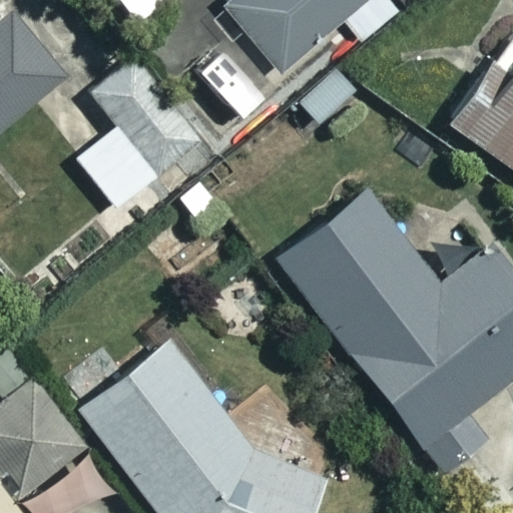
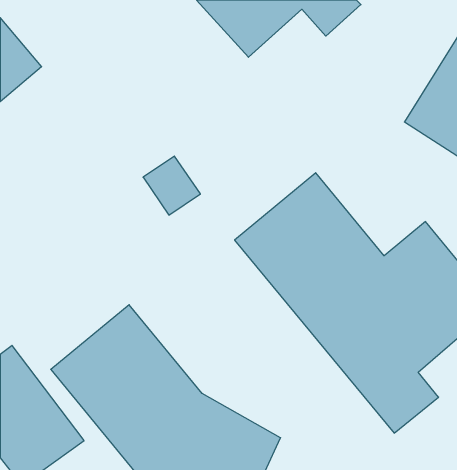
building: [80,61,198,205] -> none

